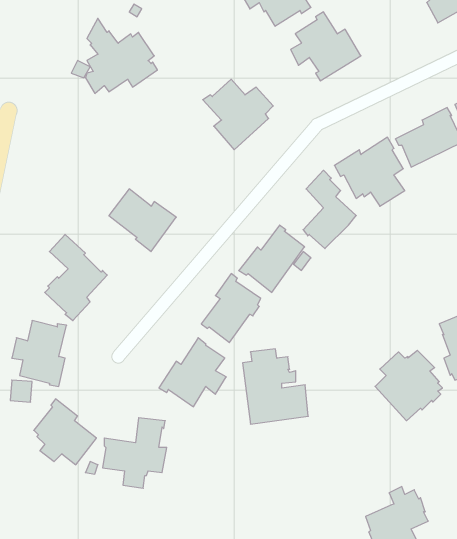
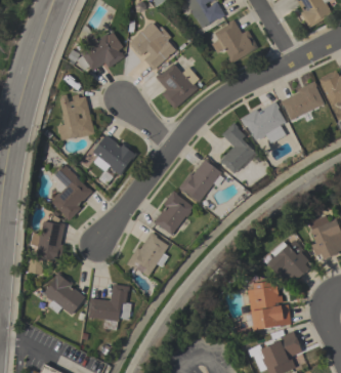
building: none -> [129,23,176,70]
building: none -> [57,94,95,140]
building: [243,349,308,424] -> [248,281,291,330]

